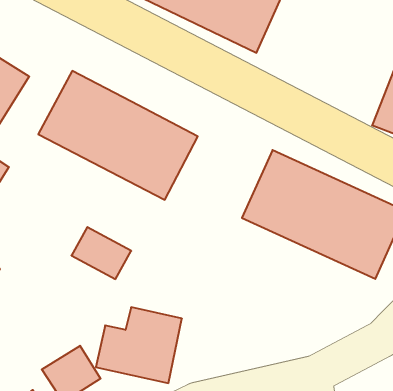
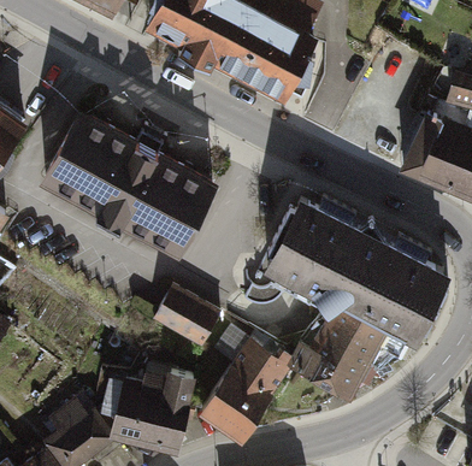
building: [71,227,131,279] -> [159,290,223,346]
building: none -> [296,307,384,400]
building: none -> [201,342,287,436]

